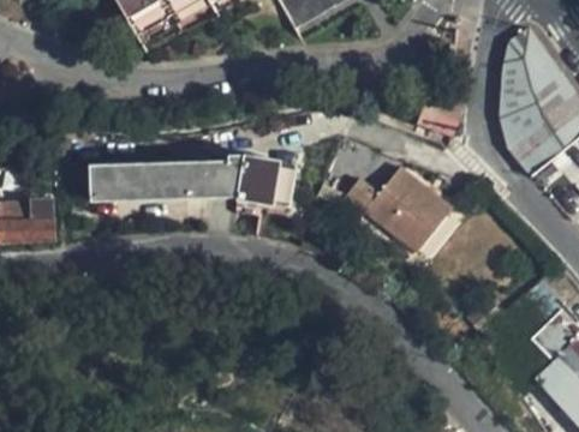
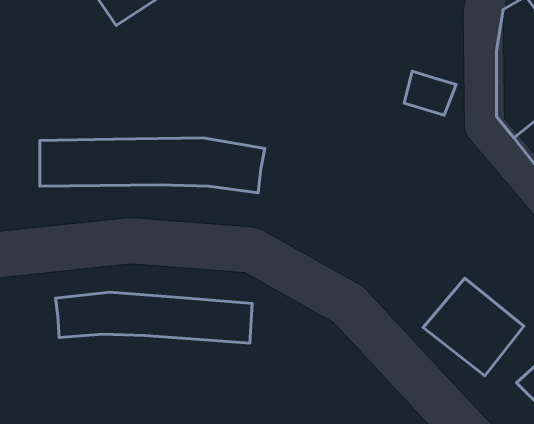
building: [353,167,443,254] -> [423,278,524,376]
building: none -> [56,292,252,343]

